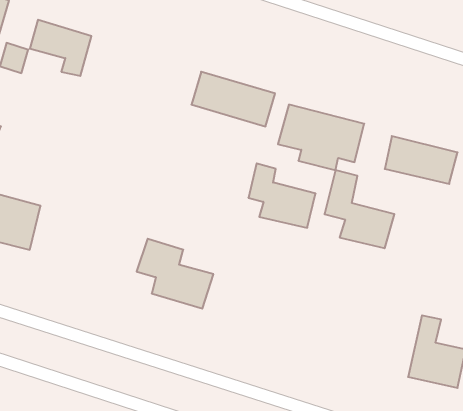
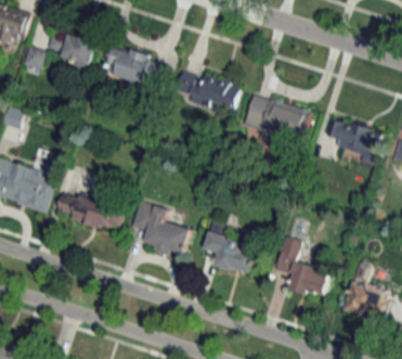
building: none -> [104,46,165,89]
building: [248,163,316,228] -> [204,222,257,273]
building: [324,170,394,248] -> [275,235,330,297]
building: none -> [56,192,124,231]

